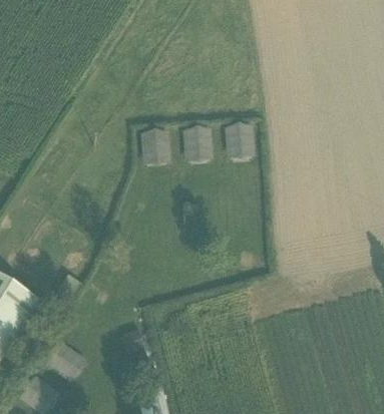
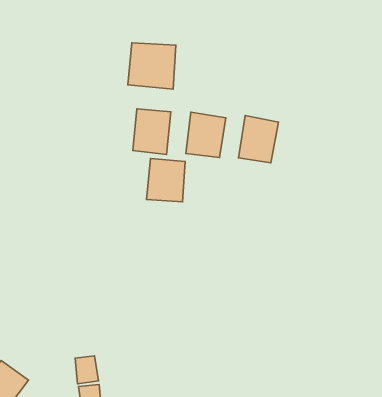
building: none -> [128,43,176,89]
building: none -> [147,158,185,202]

